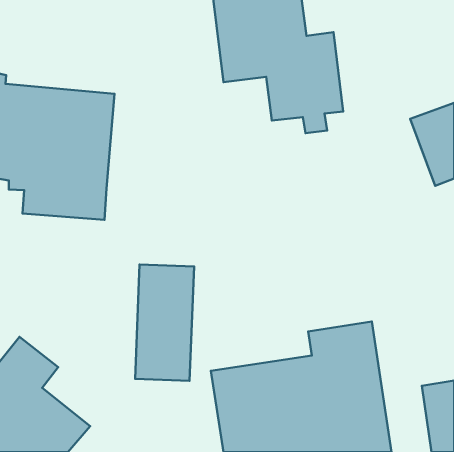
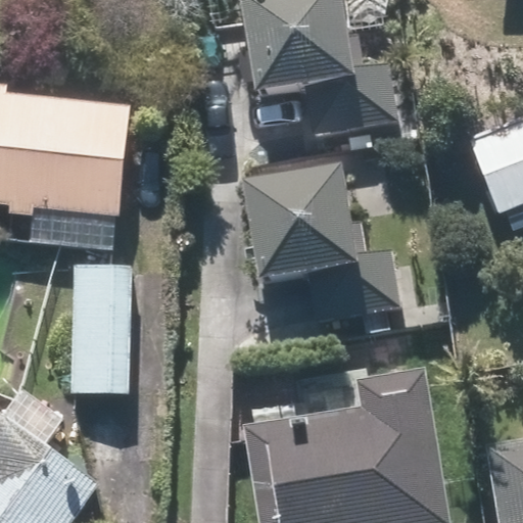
building: none -> [243,171,402,335]
building: [135,265,194,381] -> [67,263,135,395]

